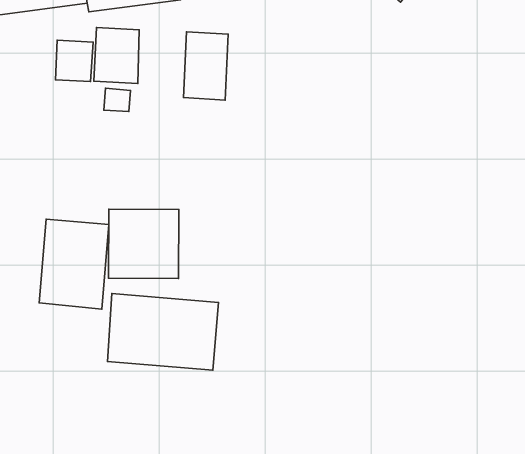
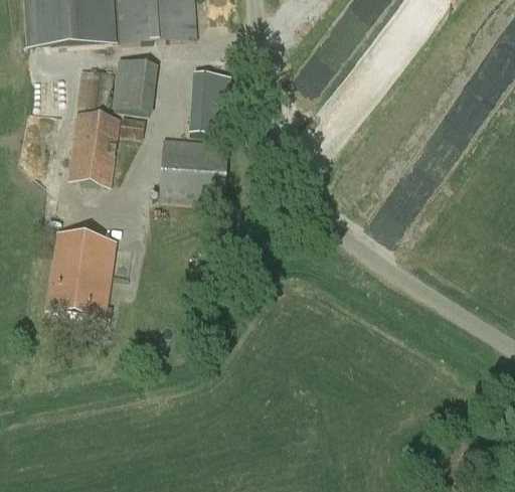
building: none -> [67,111,120,184]
building: [108,209,179,278] -> [159,137,228,205]
building: [107,293,218,370] -> none

